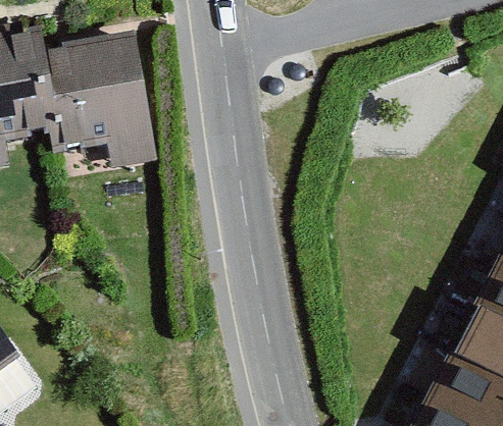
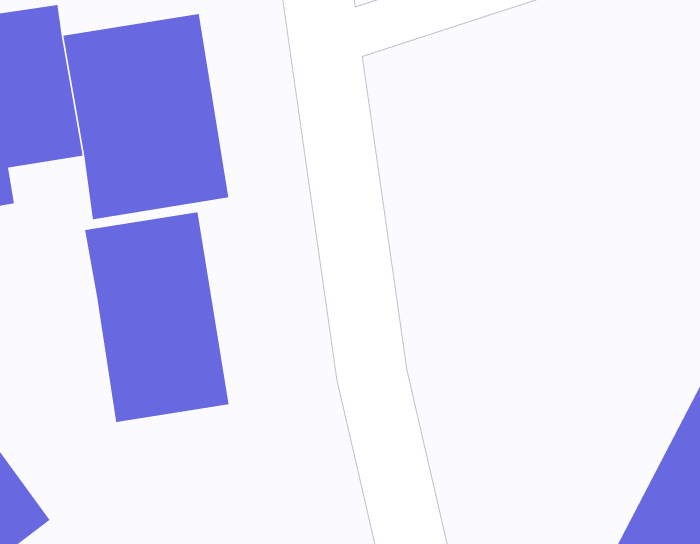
building: none -> [84,211,229,423]

